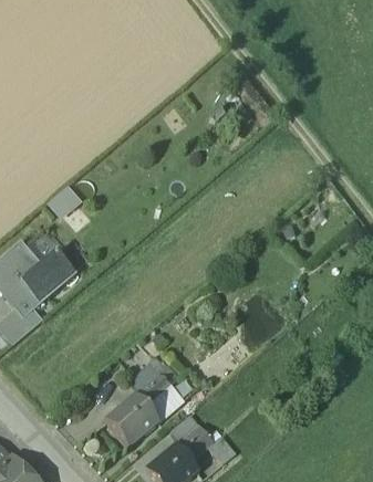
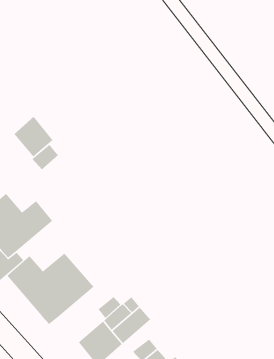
building: none -> [13,116,54,157]
building: none -> [7,252,95,325]

